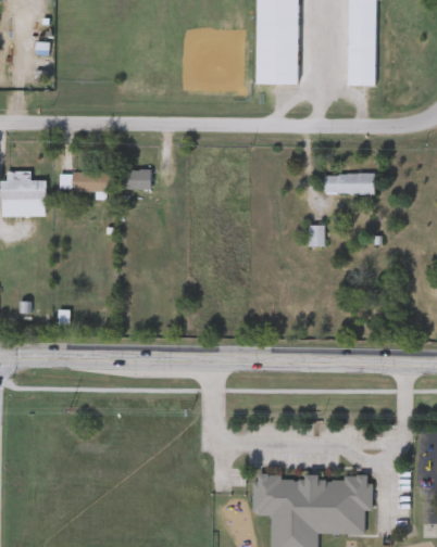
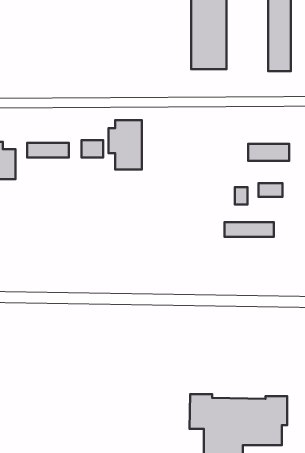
building: none -> [109,120,142,170]
building: none -> [258,183,282,197]
building: none -> [224,222,274,237]

